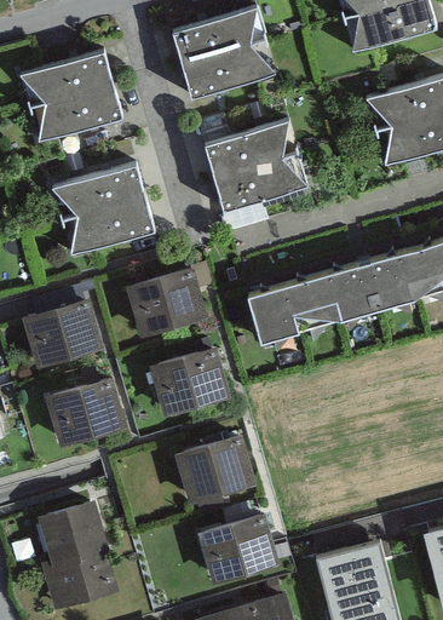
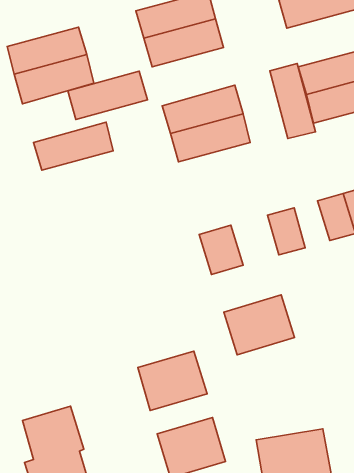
building: none -> [270,63,316,139]
building: [61,197,155,254] -> [68,71,147,119]
building: [359,257,402,312] -> none
building: [125,269,208,339] -> none
building: [284,274,341,333] -> none
building: [22,297,104,369] -> none
building: [148,348,231,419] -> [224,295,294,355]
building: [45,378,126,448] -> none

